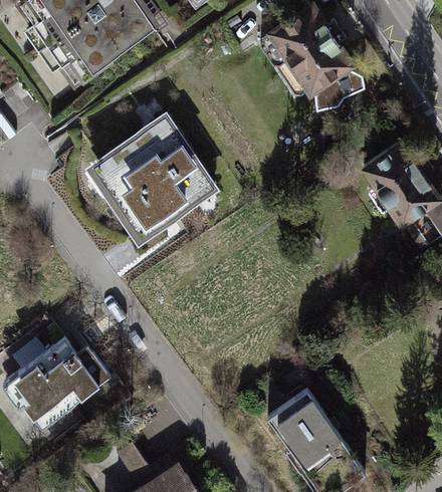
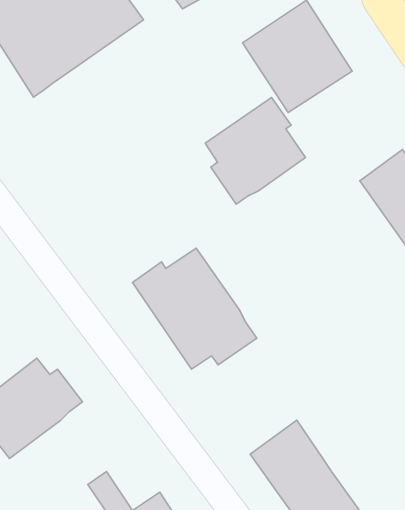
building: none -> [205,98,305,204]
building: [85,114,220,247] -> none
building: none -> [132,248,257,369]

